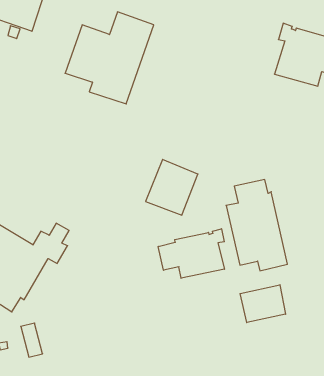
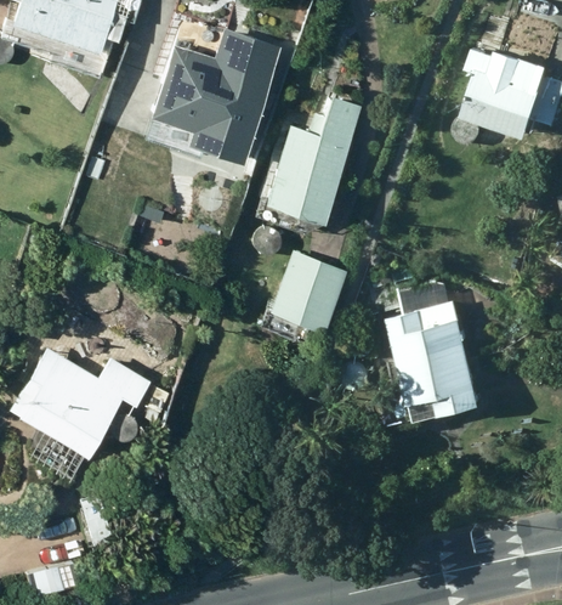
building: none -> [260,97,361,226]
building: [158,229,224,278] -> none
building: [240,285,286,323] -> none

